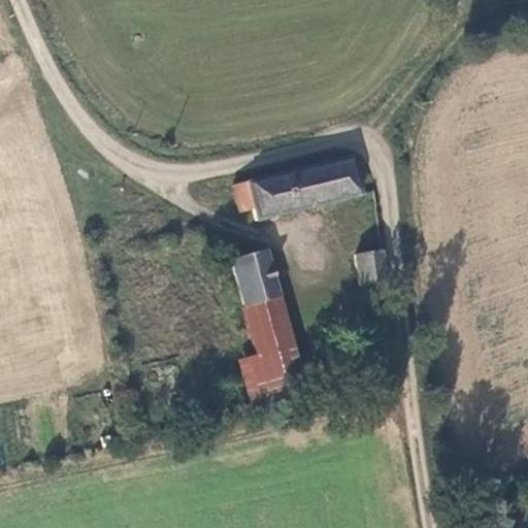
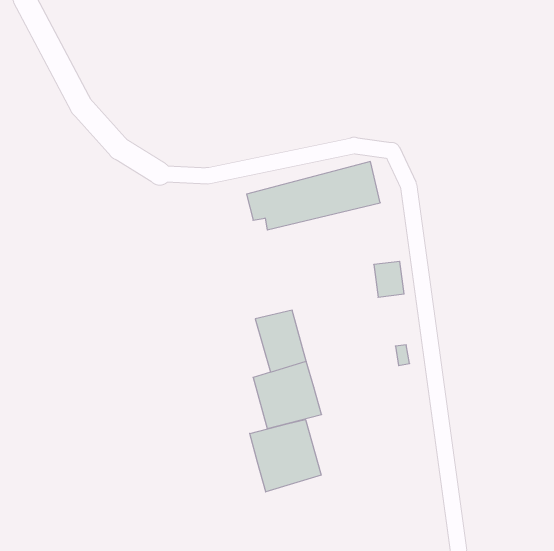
building: [231,250,278,303] -> none
building: none -> [250,419,321,492]

